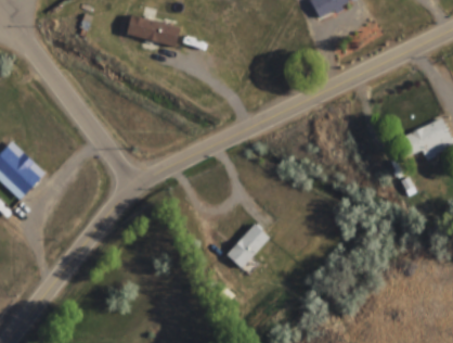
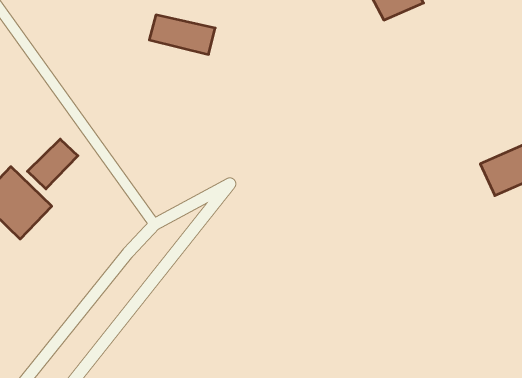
building: none -> [27,139,78,189]
building: [225,223,271,268] -> none

